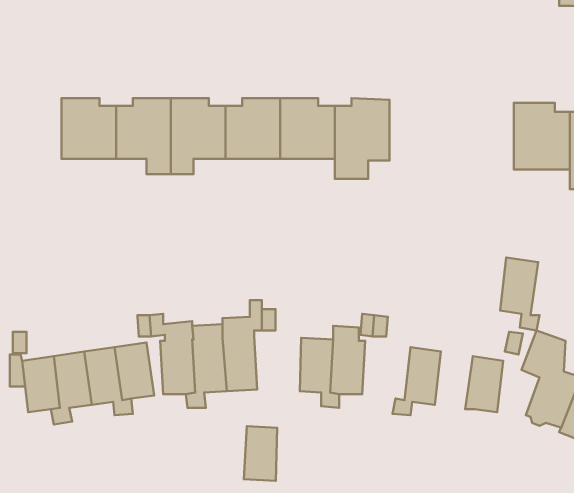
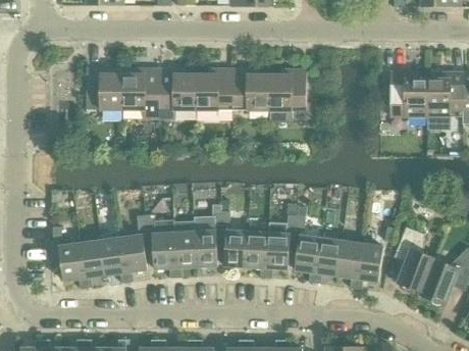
building: [500,258,540,330] -> [336,241,363,290]
building: none -> [295,235,320,273]
building: [244,426,277,481] -> [224,231,247,267]

